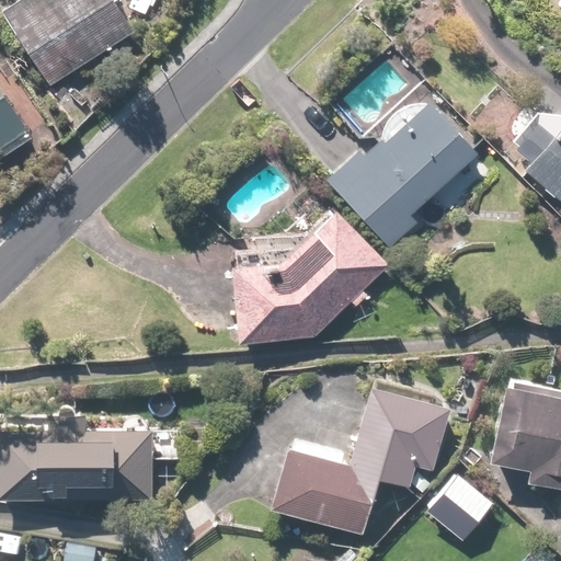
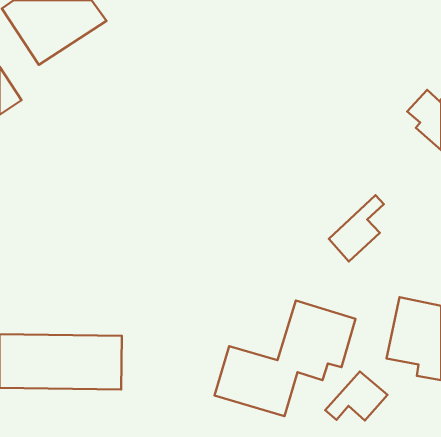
building: [329,100,480,249] -> none
building: [238,213,387,341] -> none
building: none -> [329,195,384,261]

